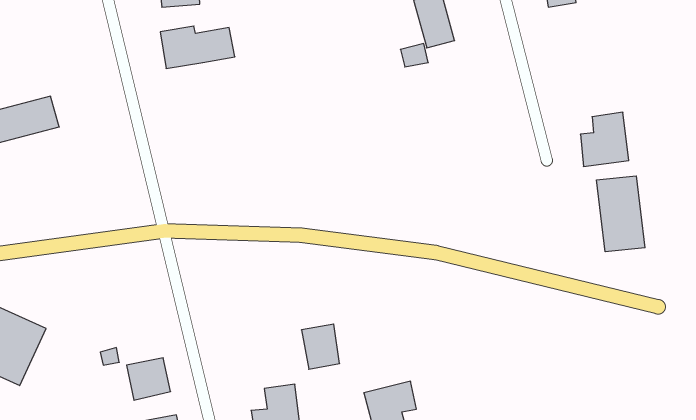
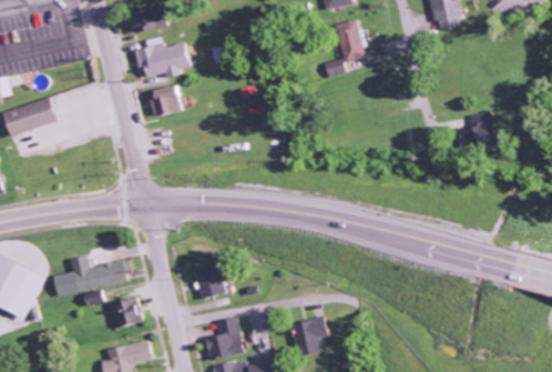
building: none -> [151,83,187,115]
building: [597,176,645,252] -> none
building: none -> [59,255,135,294]
building: [301,324,340,369] -> [198,264,227,299]

